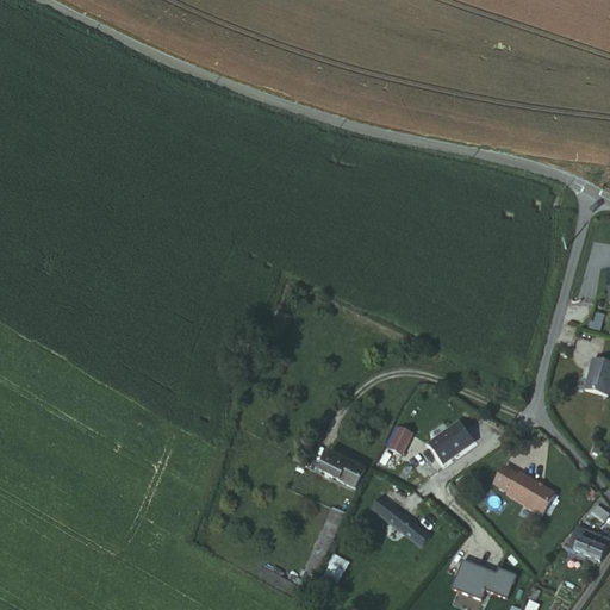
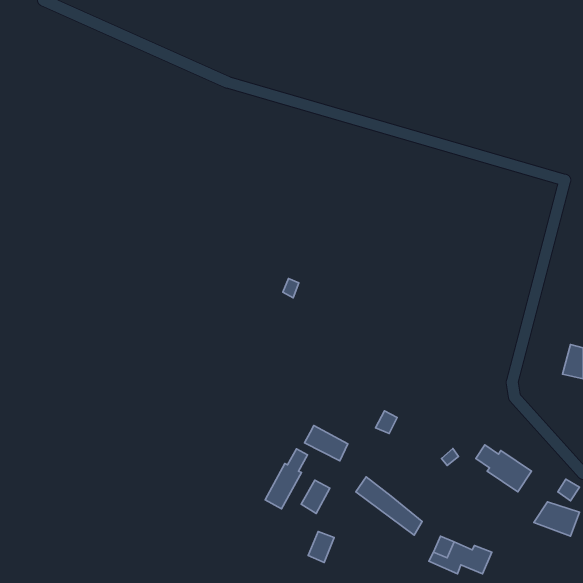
building: [431,417,477,461] -> none
building: none -> [265,449,307,509]

